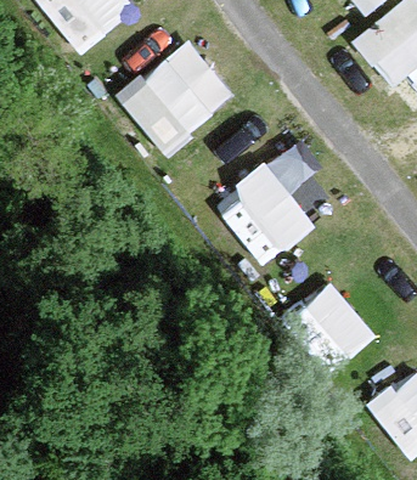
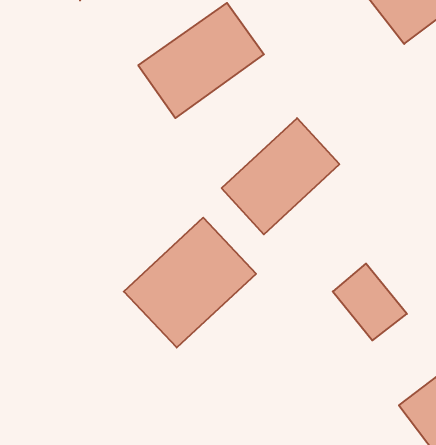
building: none -> [124,218,256,348]

